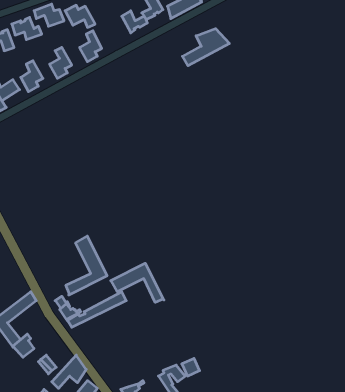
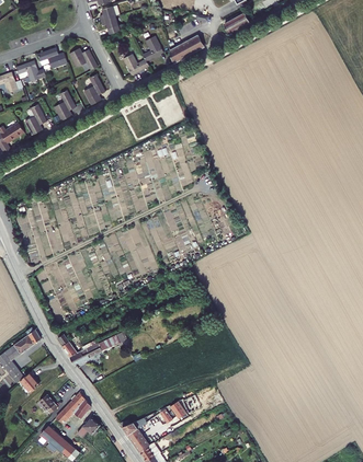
building: [182,29,229,66] -> none
building: [66,236,107,295] -> none
building: [111,263,164,302] -> none

